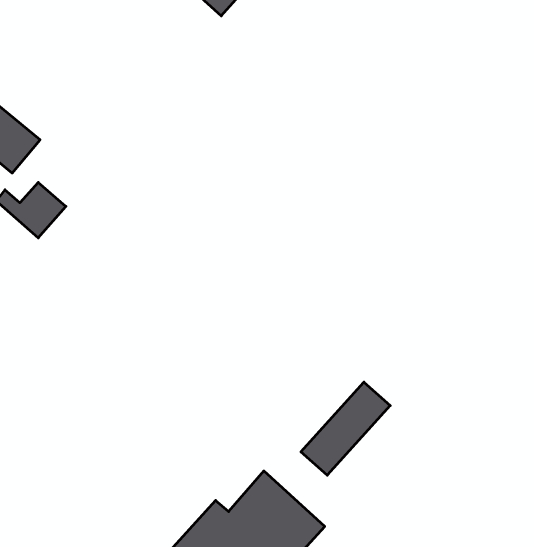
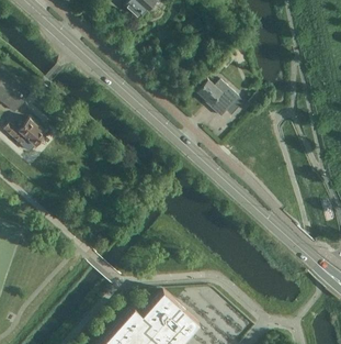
building: none -> [197,81,239,112]
building: [301,382,390,475] -> none

